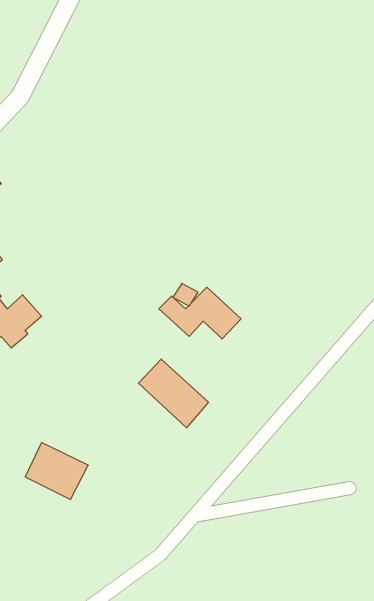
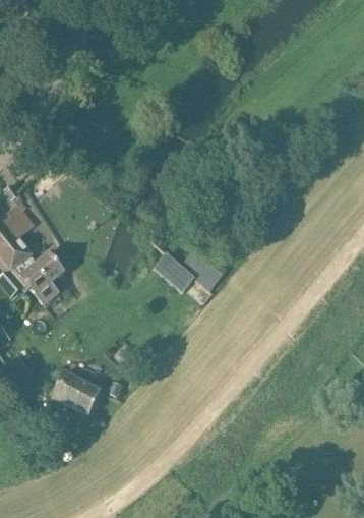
building: [138,359,208,428] -> none

